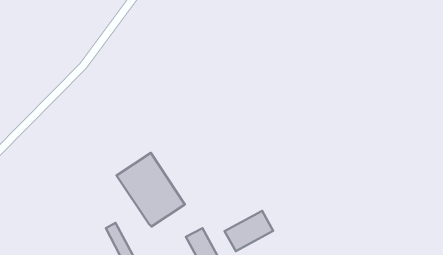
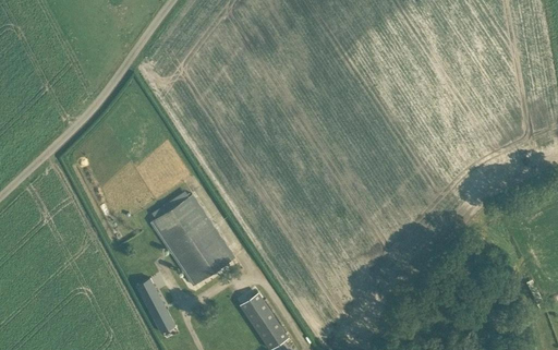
building: [224,211,273,251] -> none

